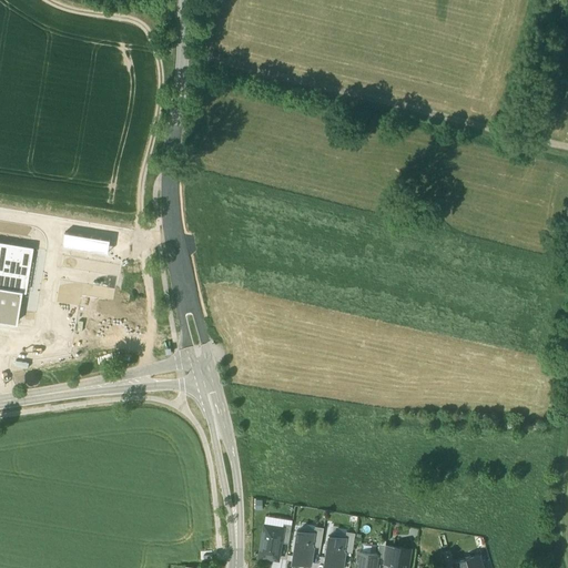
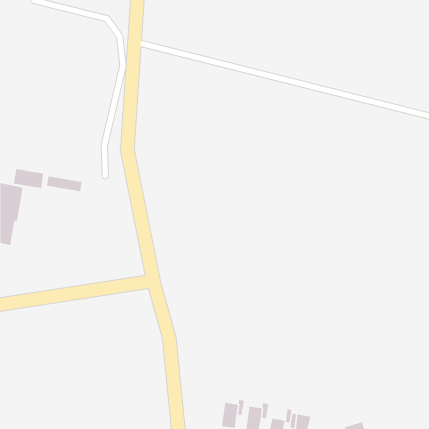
building: none -> [13,168,44,189]
building: [258,526,282,560] -> none

